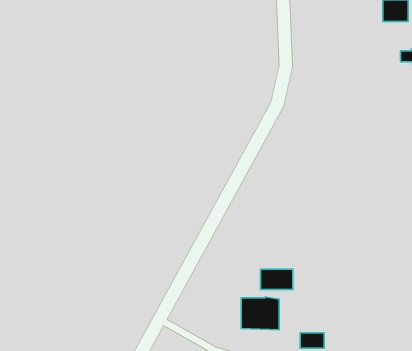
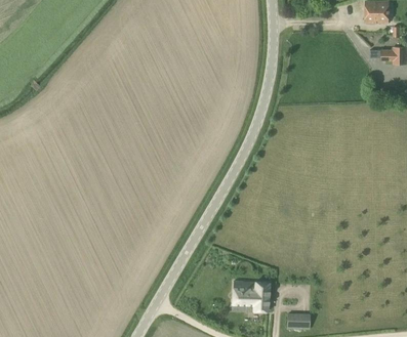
building: [260,269,293,290] -> none

